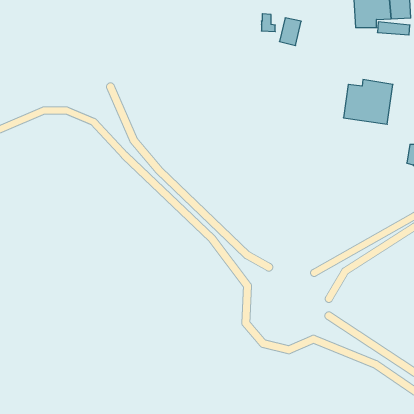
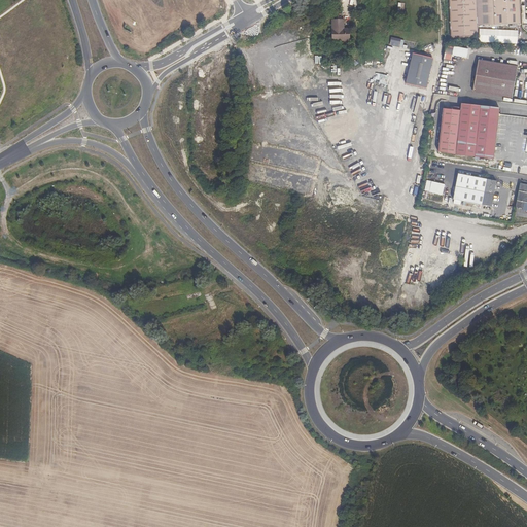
building: [279,18,301,46] -> [407,54,434,89]
building: none -> [472,61,515,97]
building: none -> [454,172,496,205]

